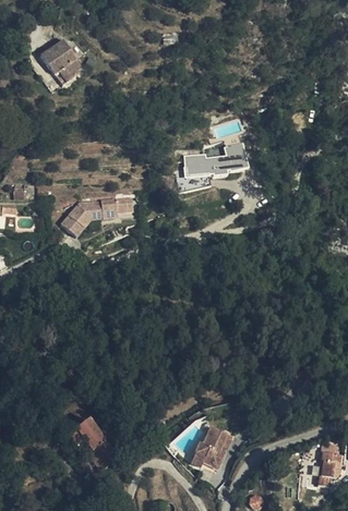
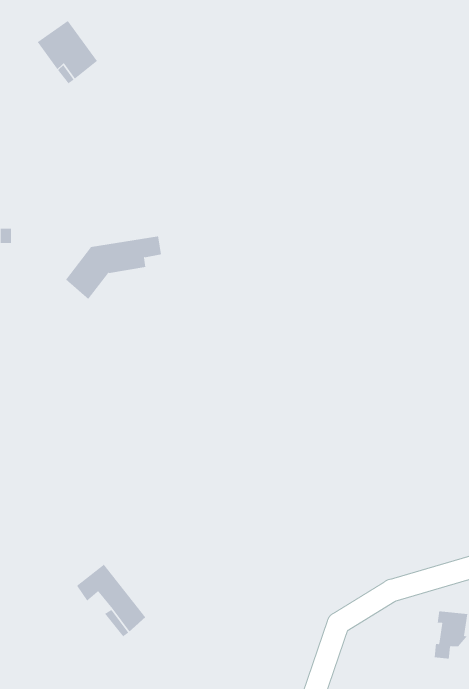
building: [182,143,248,178] -> none
building: [190,431,226,471] -> none

